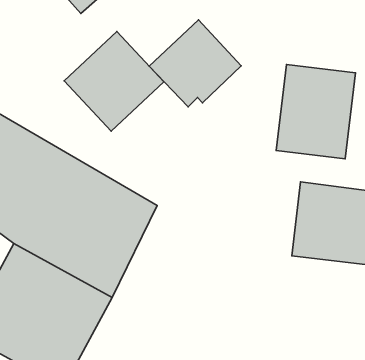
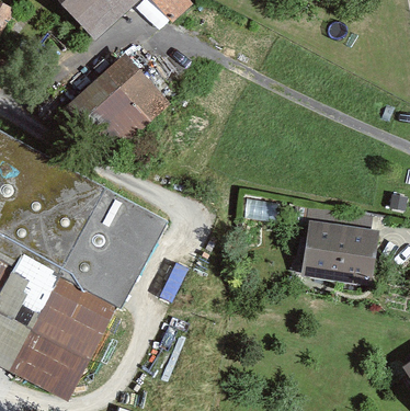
building: [149,20,241,107] -> none
building: [276,65,356,159] -> none

